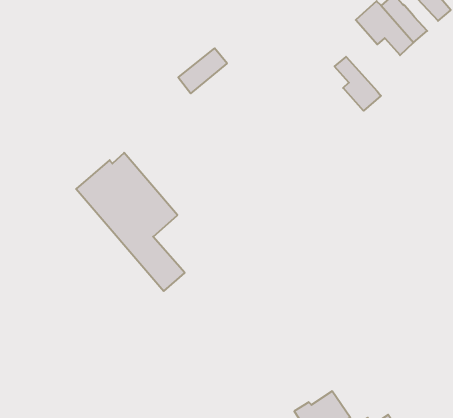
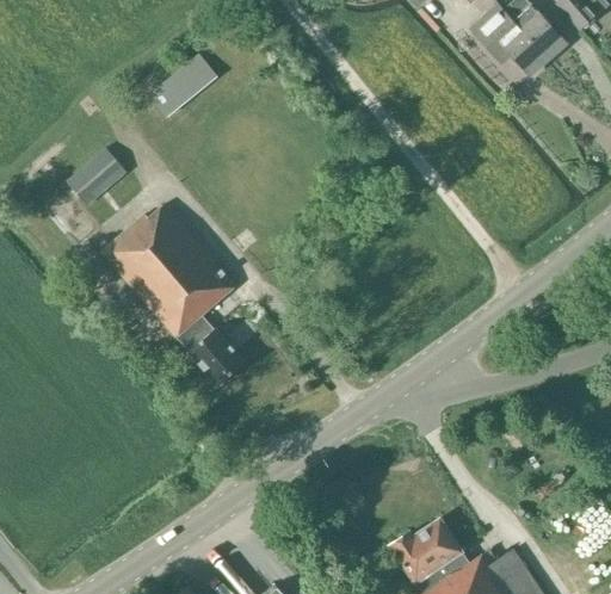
building: [178,48,227,93] -> [152,57,216,117]
building: [335,57,381,111] -> none
building: none -> [68,149,125,205]

